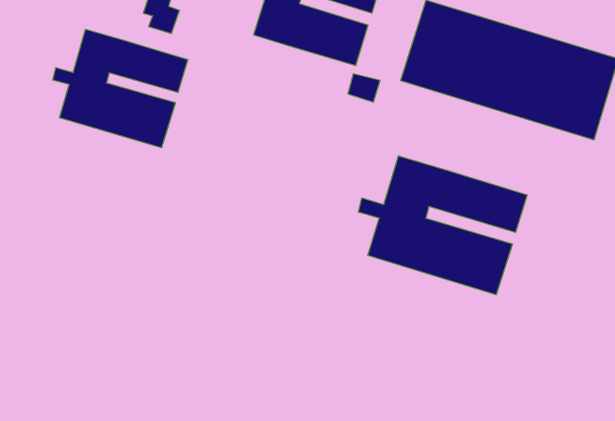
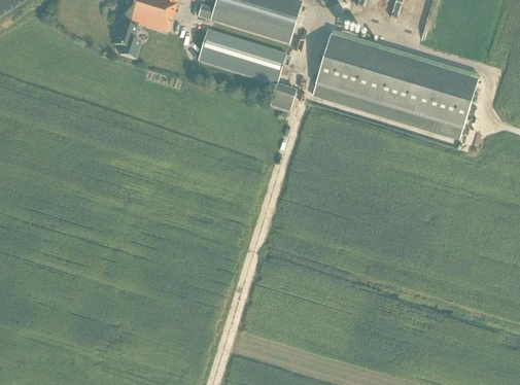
building: [53,29,188,148] -> none
building: [359,156,527,295] -> none

